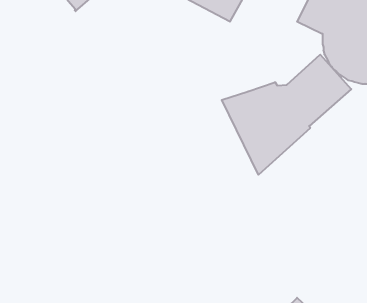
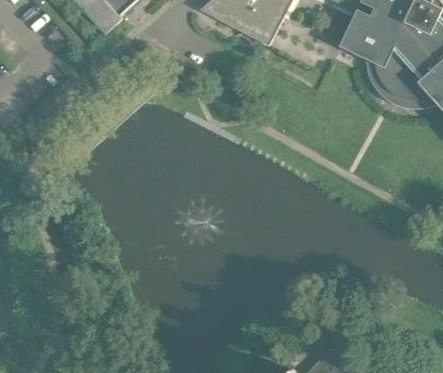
building: [222,55,351,175] -> none

